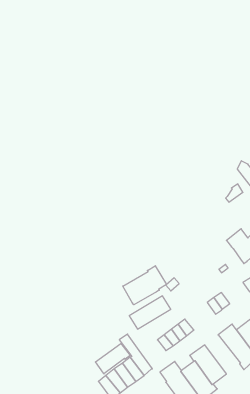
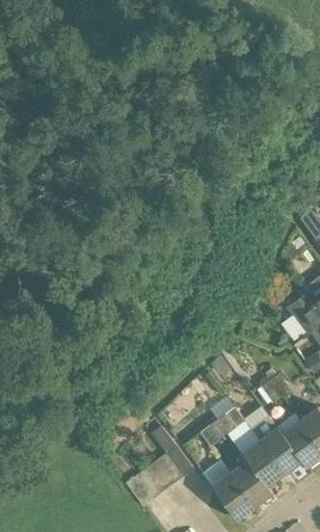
building: [123,266,167,305] -> none
building: none -> [252,416,304,475]
building: [95,343,130,374] -> none

